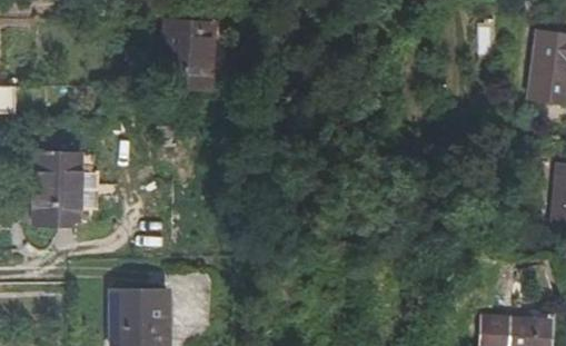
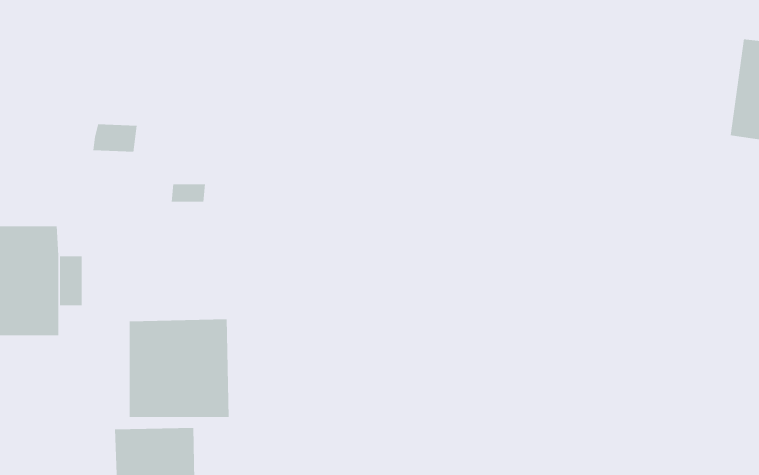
building: [167,20,219,90] -> none
building: none -> [129,318,229,418]

